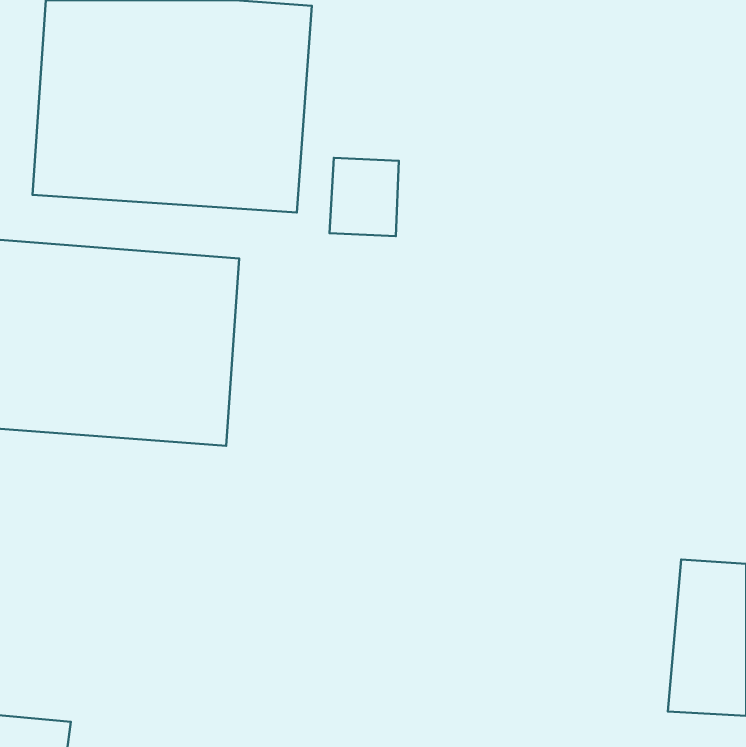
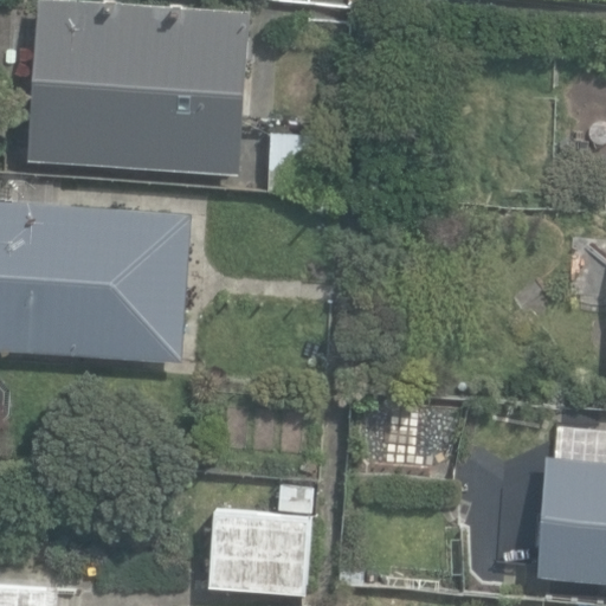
building: none -> [206,509,310,593]

